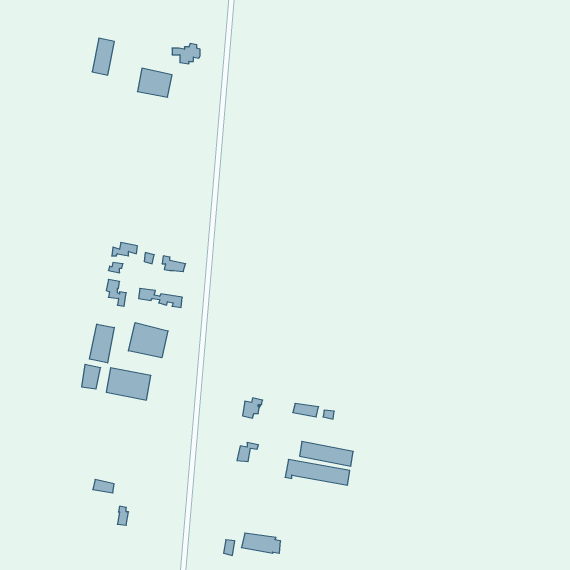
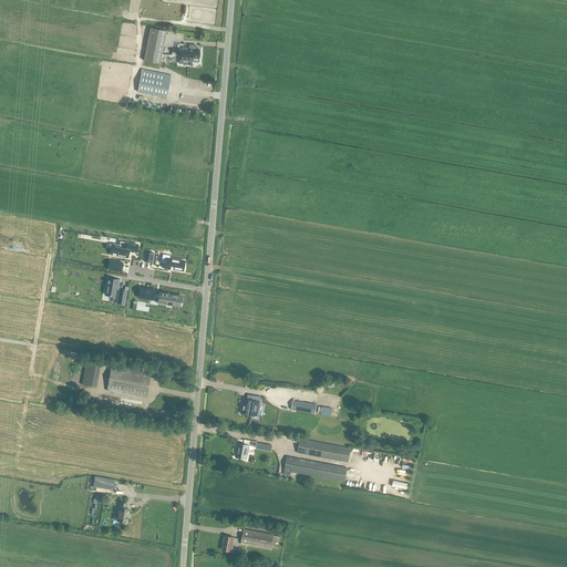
building: [92,38,114,75] -> [143,27,165,63]
building: [128,323,168,358] -> none
building: [89,324,114,363] -> none

